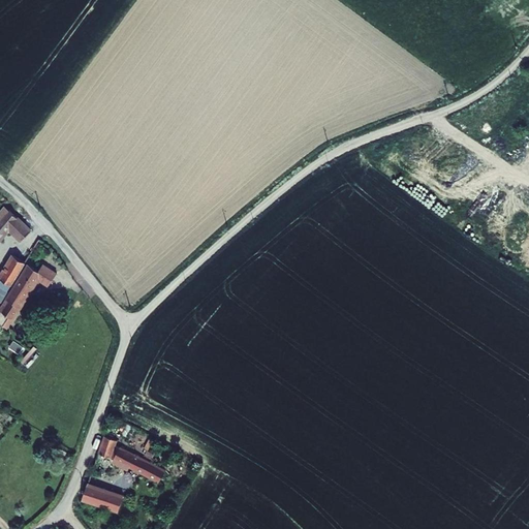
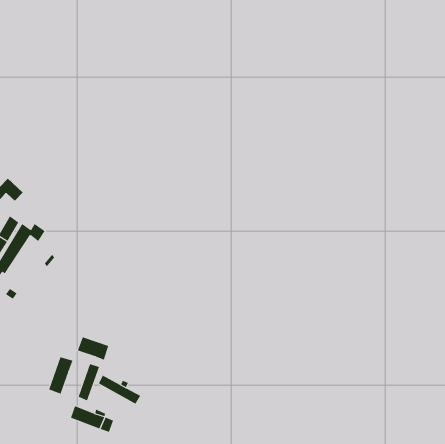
building: none -> [77,337,109,360]
building: none -> [49,356,73,395]

